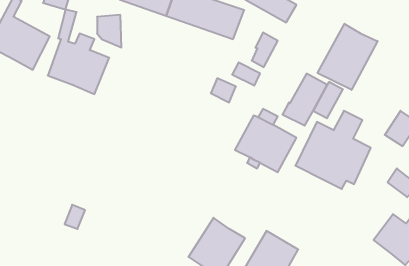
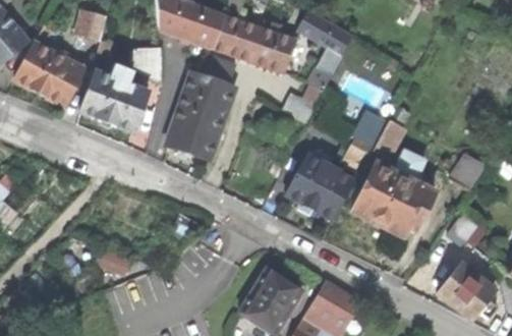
building: [318,24,378,90] -> none
building: none -> [166,57,236,159]

